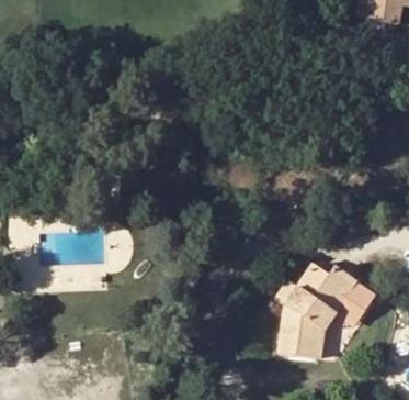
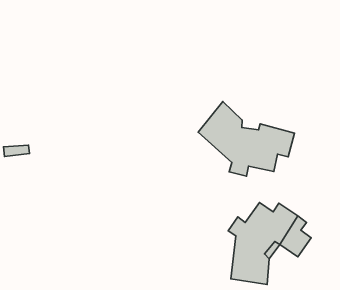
building: none -> [198,101,294,176]

